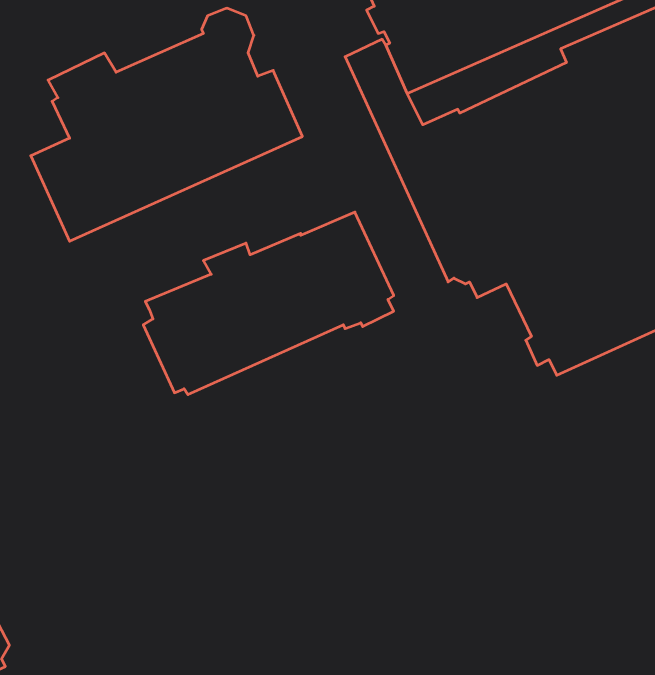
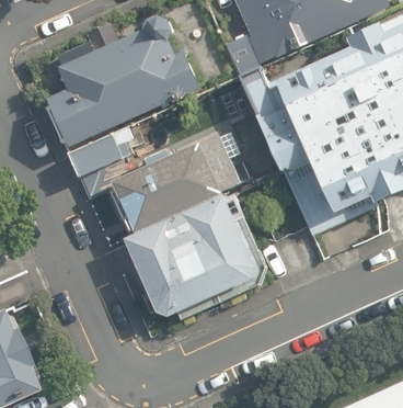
building: none -> [69,136,133,200]
building: none -> [126,195,268,322]

